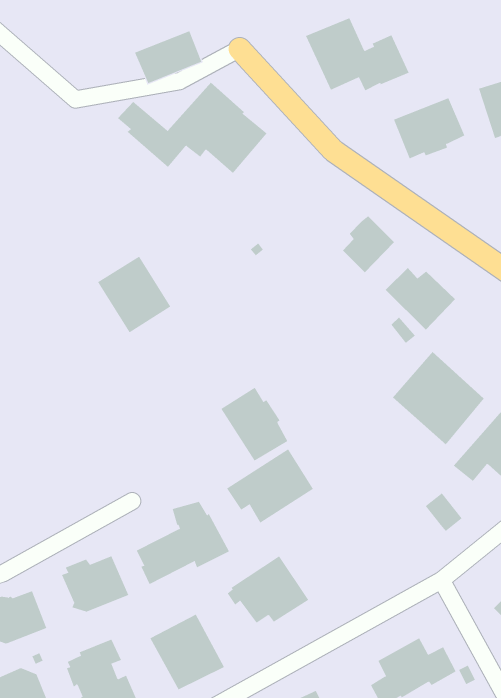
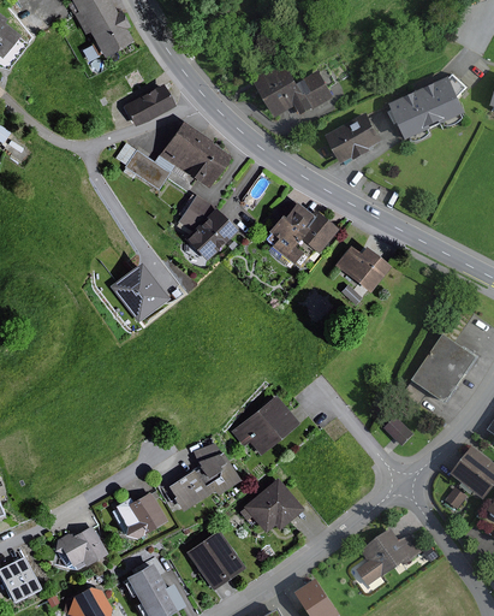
building: none -> [175,195,237,262]
building: none -> [264,201,310,267]
building: [392,351,484,445] -> none
building: [220,387,288,462] -> none

